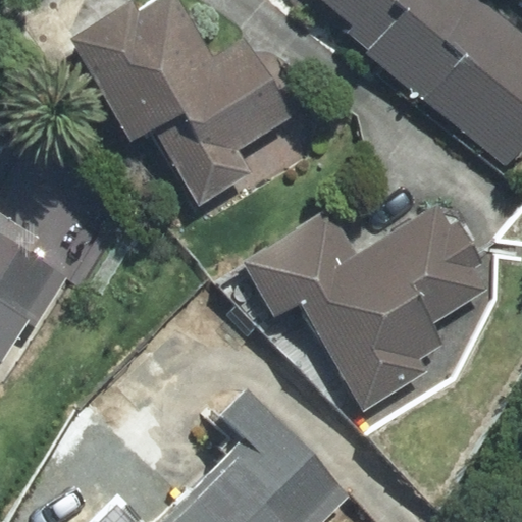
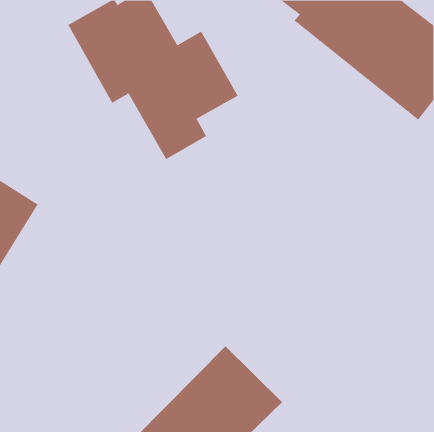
building: [257,209,484,399] -> none

